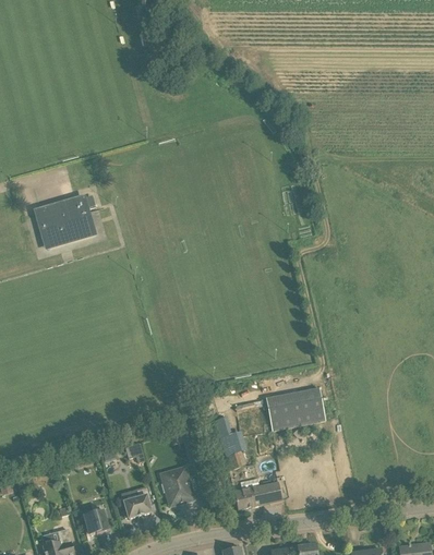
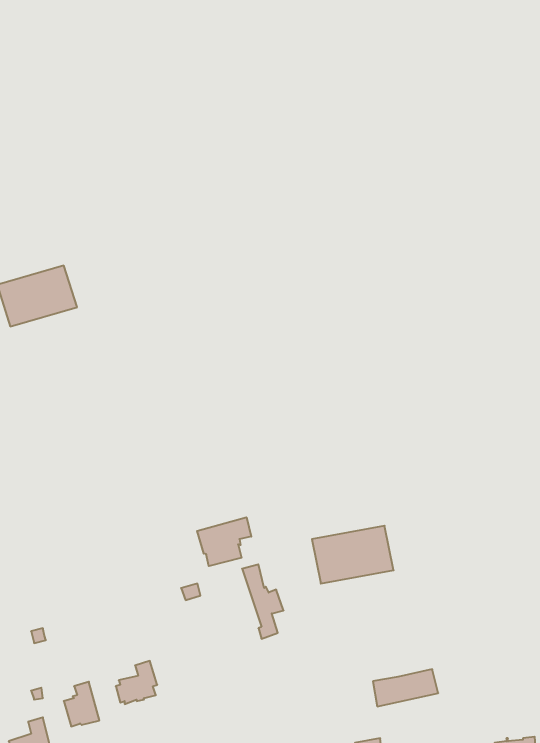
building: none -> [197,517,251,566]
building: [160,466,194,504] -> none
building: [233,482,281,509] -> [373,669,438,706]

